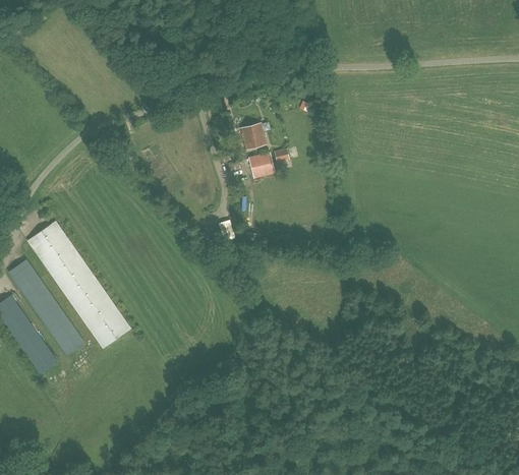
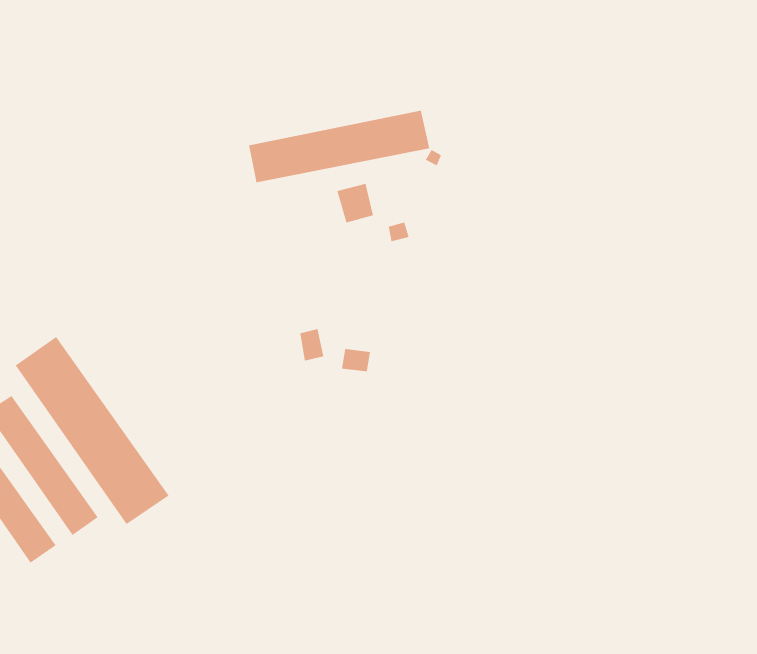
building: none -> [248,110,430,183]
building: [248,153,273,176] -> none

